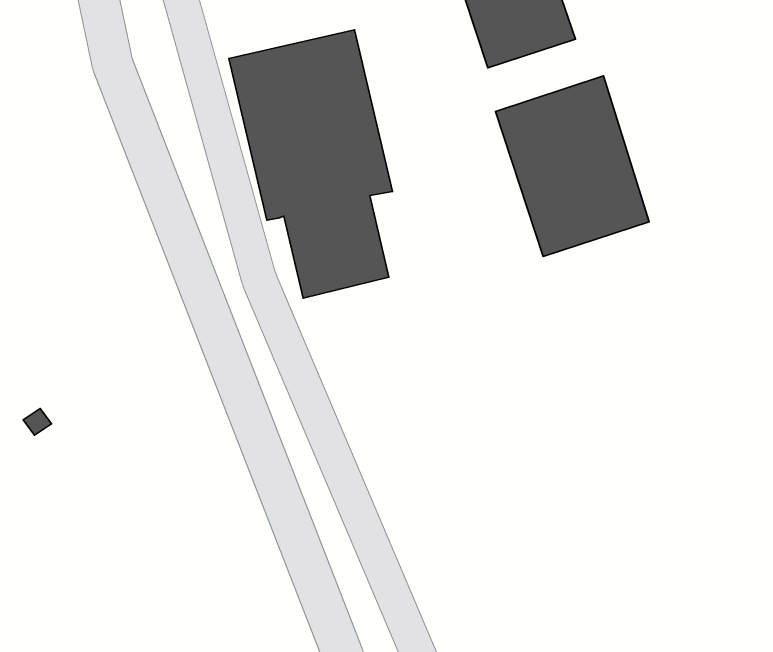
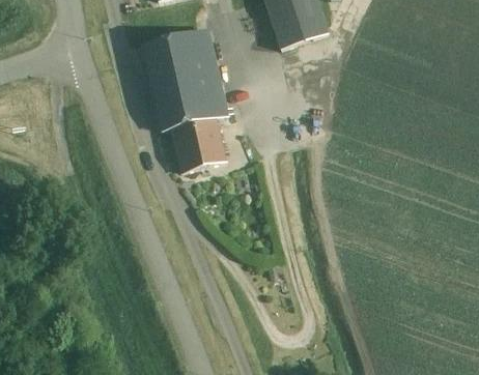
building: [495,76,649,256] -> none

